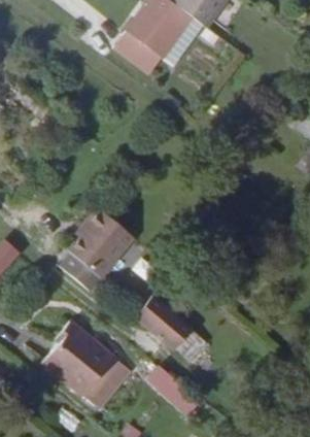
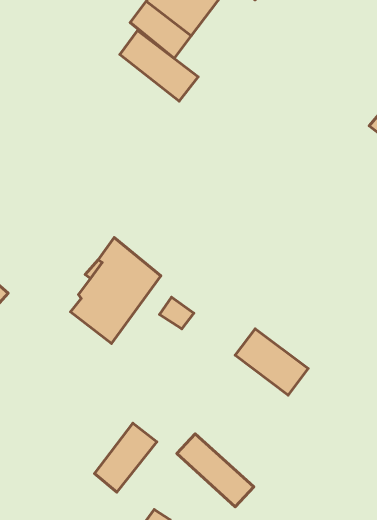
building: none -> [120,30,198,101]
building: [139,304,196,356] -> [235,329,308,395]
building: [43,322,114,396] -> none

